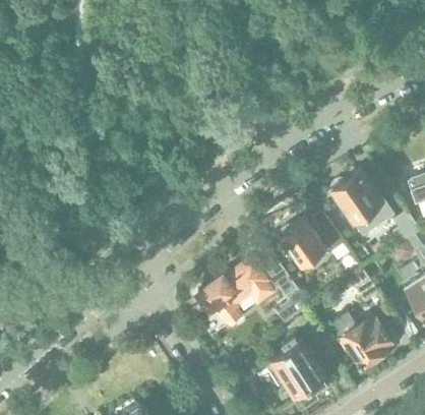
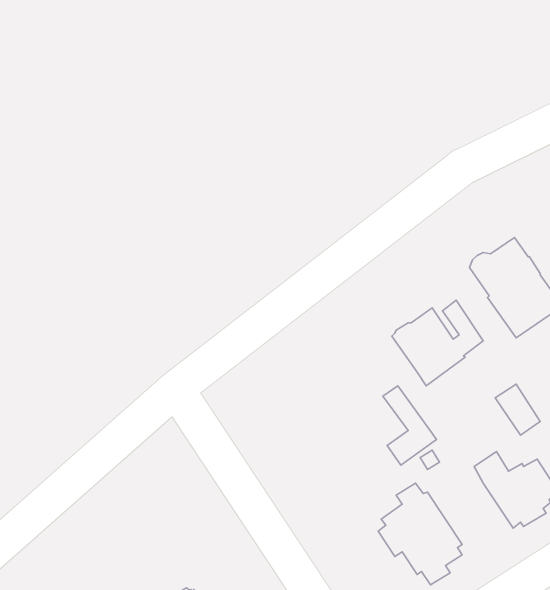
building: [197,260,275,328] -> none

